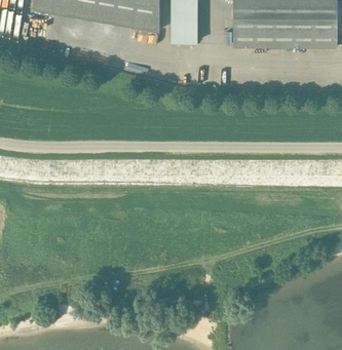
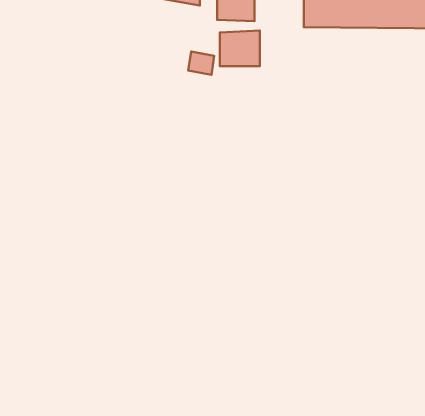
building: none -> [220,31,260,66]

